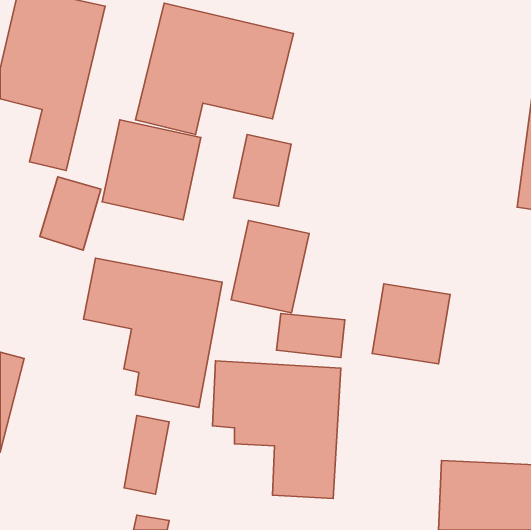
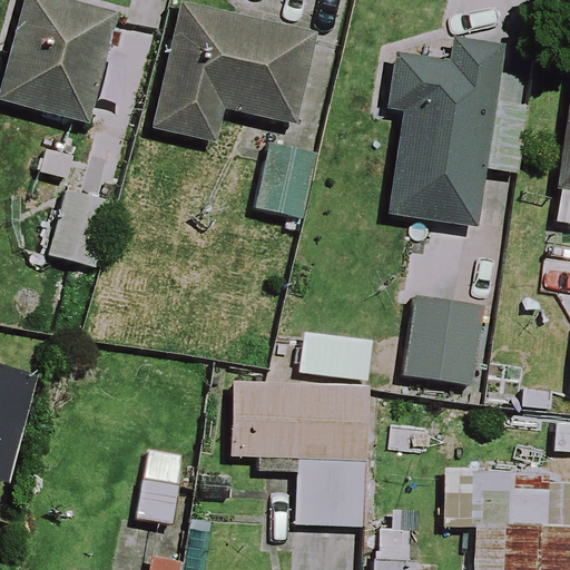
building: none -> [376,22,524,226]
building: [102,120,201,220] -> none
building: [231,220,309,313] -> none
building: [84,258,222,407] -> none

